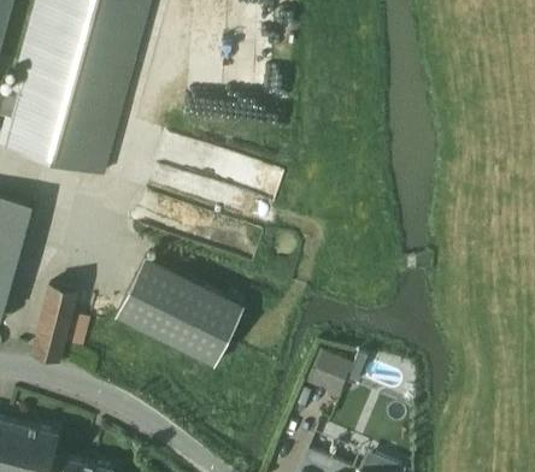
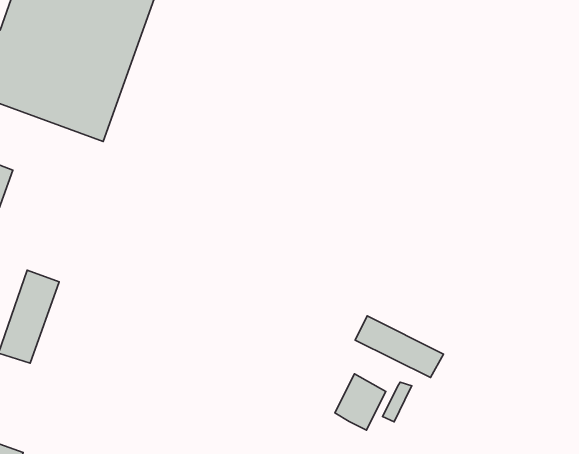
building: [114,259,242,365] -> none
building: none -> [355,316,444,378]

